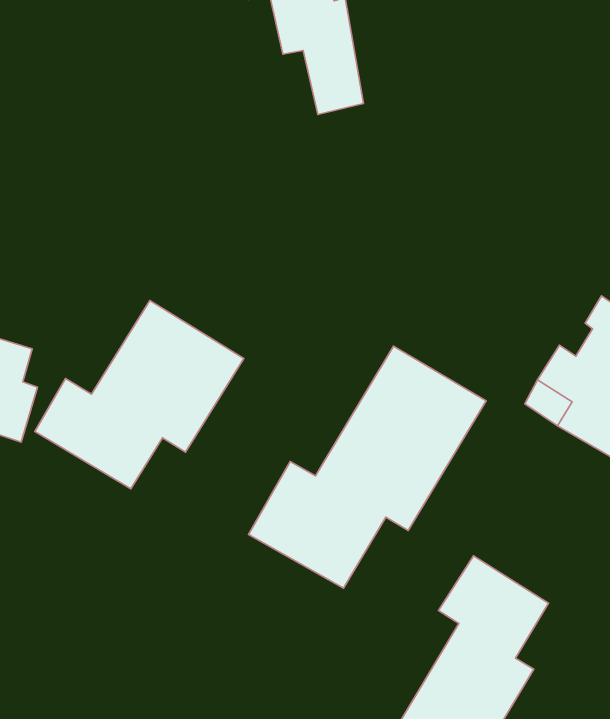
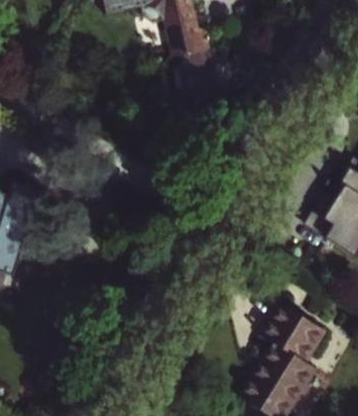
building: [35,301,244,489] -> none
building: [249,346,486,588] -> none

